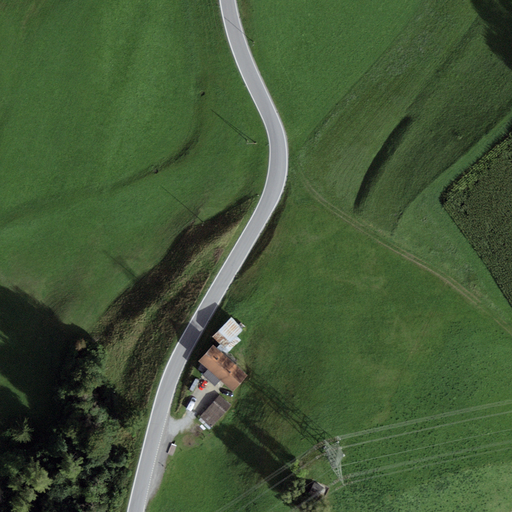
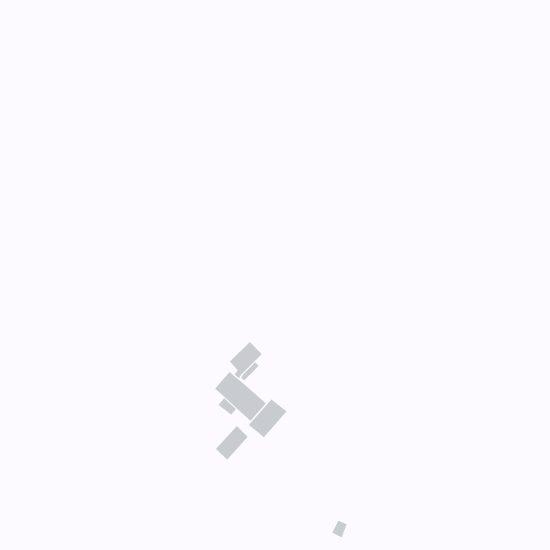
building: none -> [248,398,287,438]

